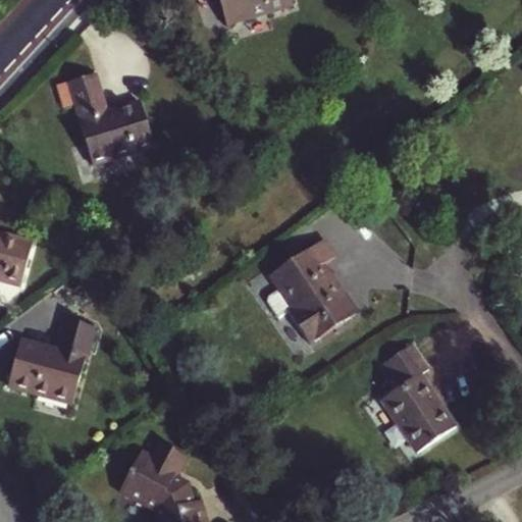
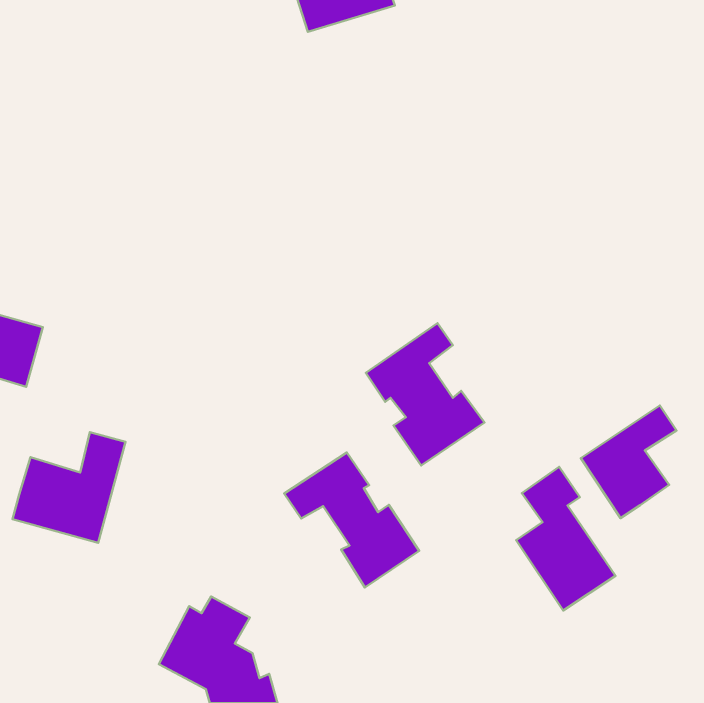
building: [69,72,153,164] -> none
building: none -> [581,405,677,518]
building: none -> [284,453,419,588]

